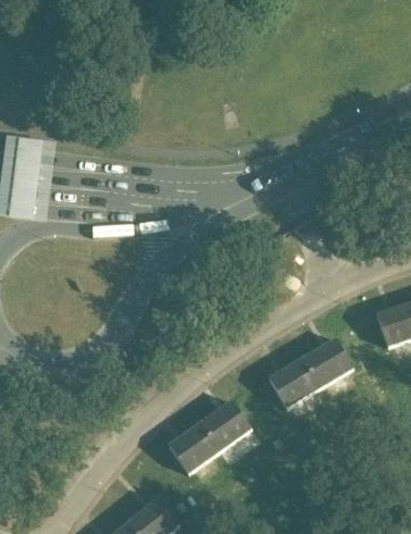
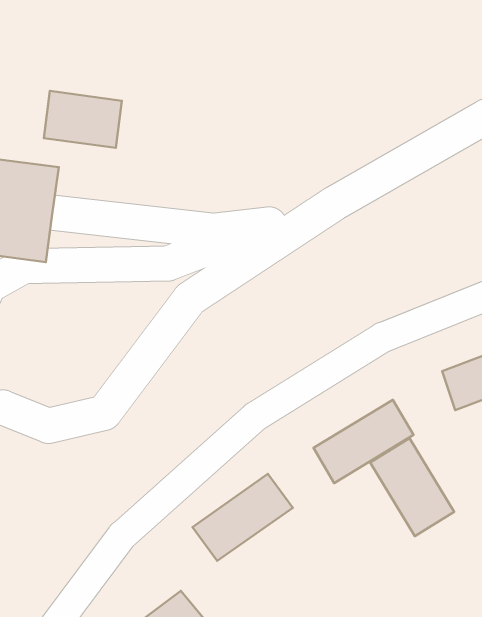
building: none -> [44,91,122,148]
building: none -> [370,438,454,536]

